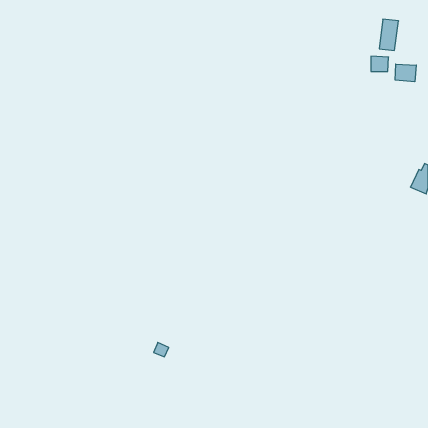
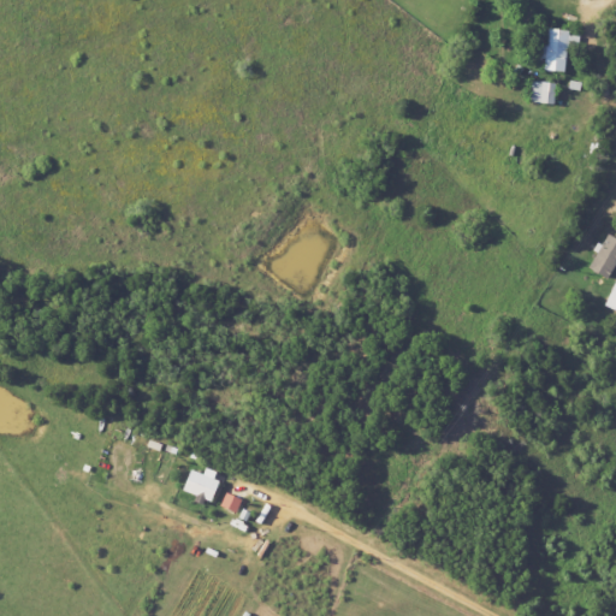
building: [395,64,416,82] -> none
building: none -> [184,469,221,502]

